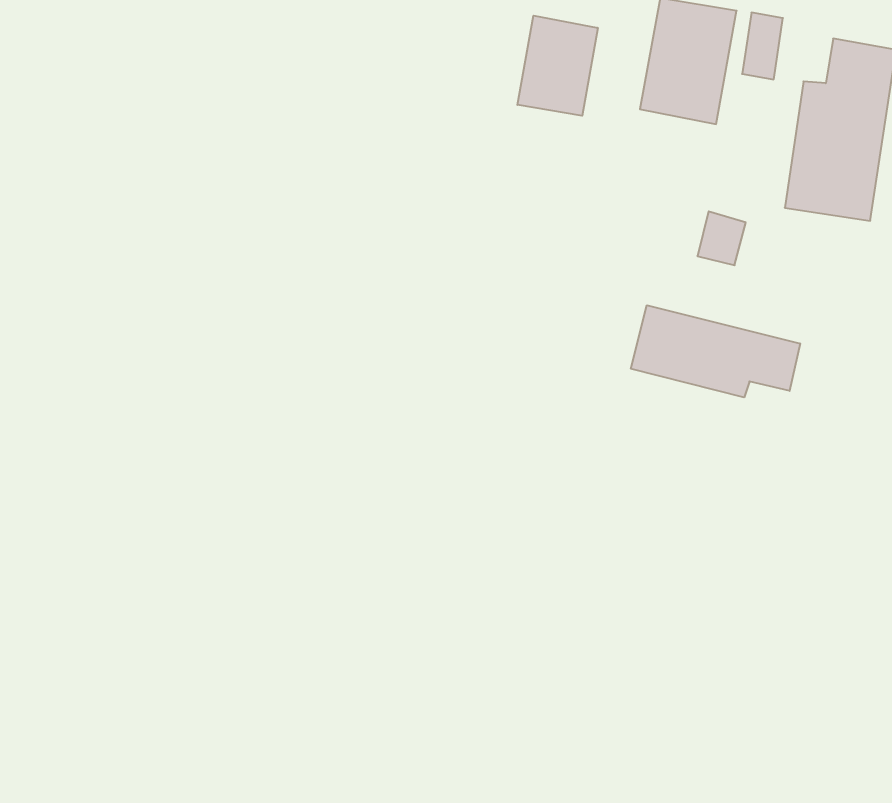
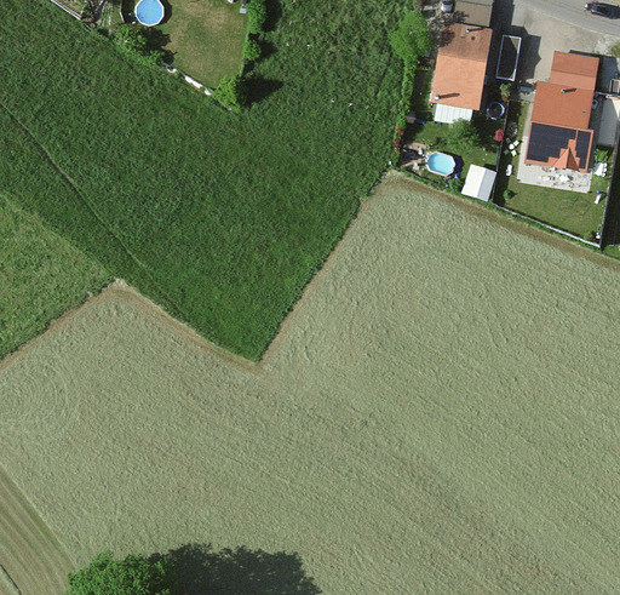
building: [517,16,598,116] -> none
building: [631,305,800,397] -> none

